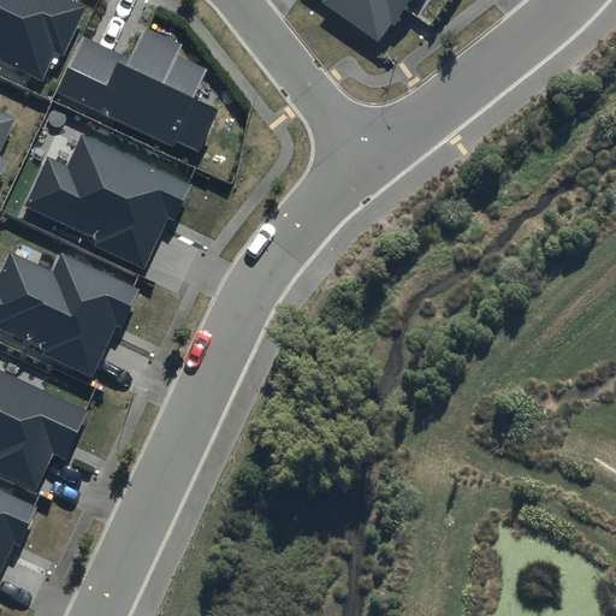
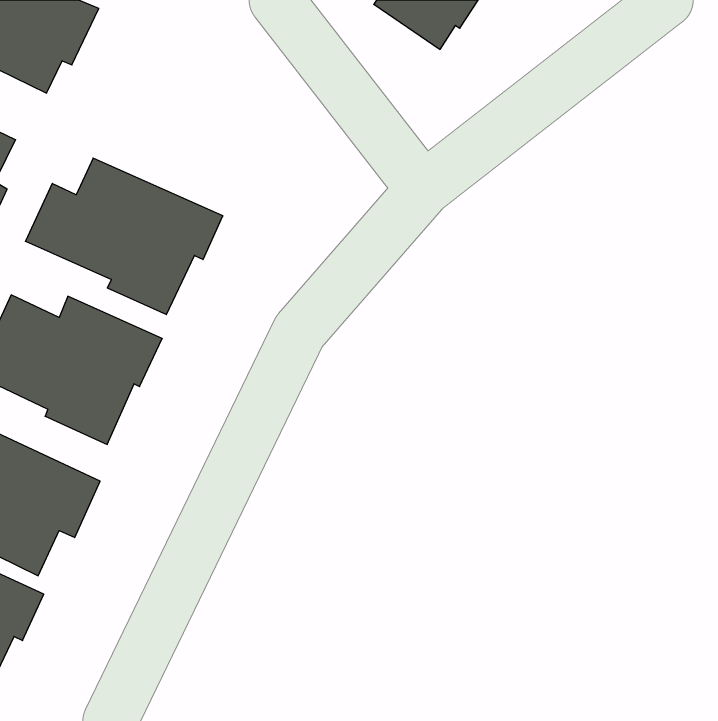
building: [54,26,218,153] -> none

